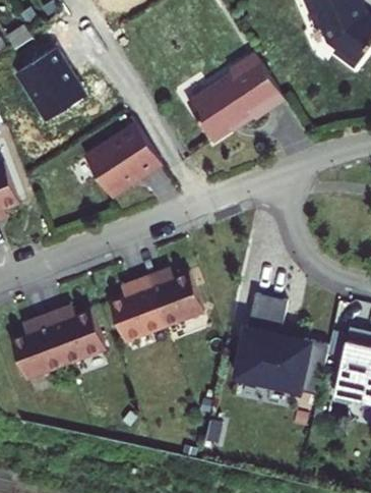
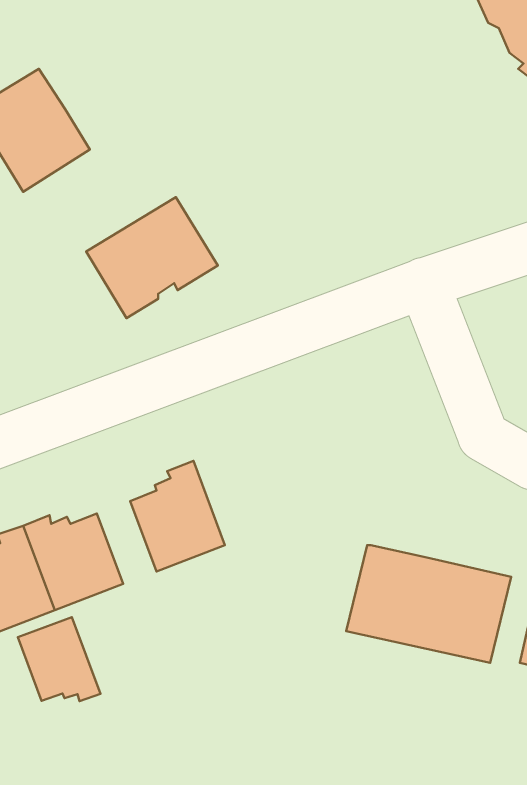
building: [186,54,284,141] -> none
building: [145,271,203,326] -> none
building: [248,292,288,333] -> none
building: none -> [18,617,100,701]

